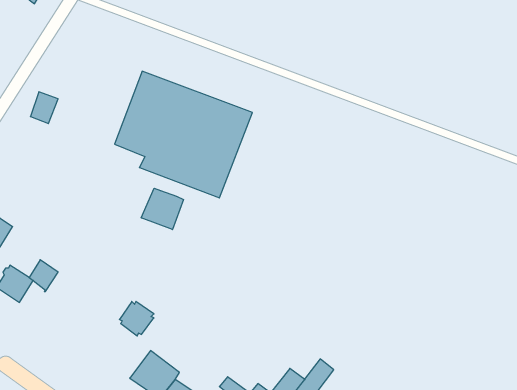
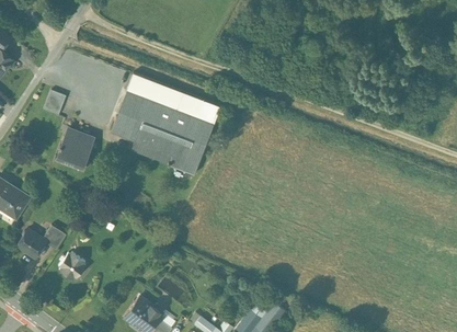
building: none -> [57,129,94,164]
building: [141,188,183,230] -> none
building: [119,301,154,336] -> [58,253,85,281]

